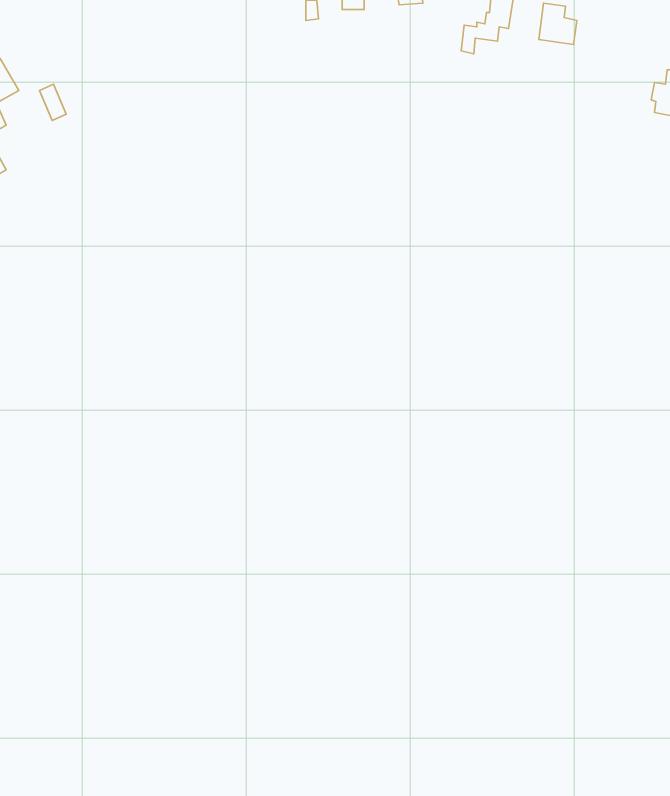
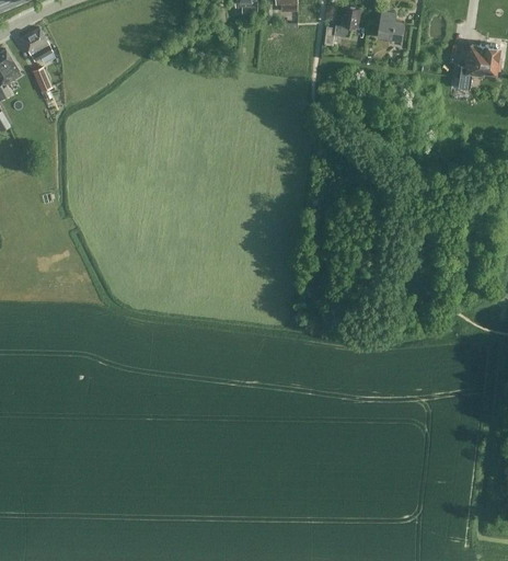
building: none -> [19,27,51,61]

